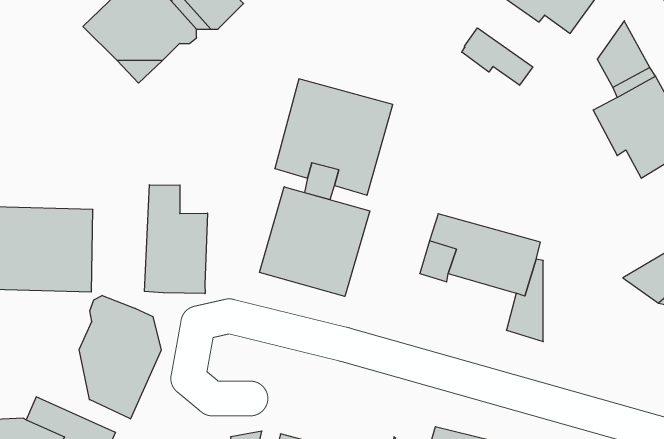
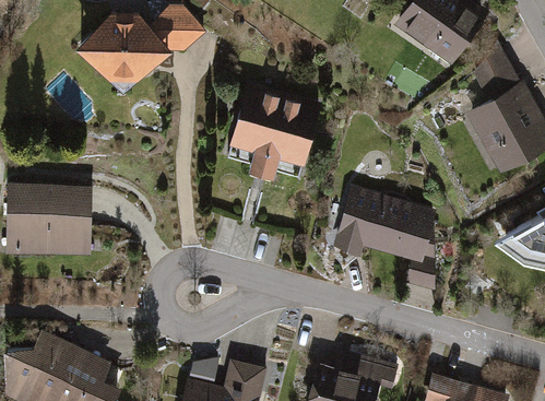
building: [462,28,533,85] -> none
building: [144,185,207,294] -> none
building: [259,187,370,296] -> none
building: [79,295,161,419] -> none

